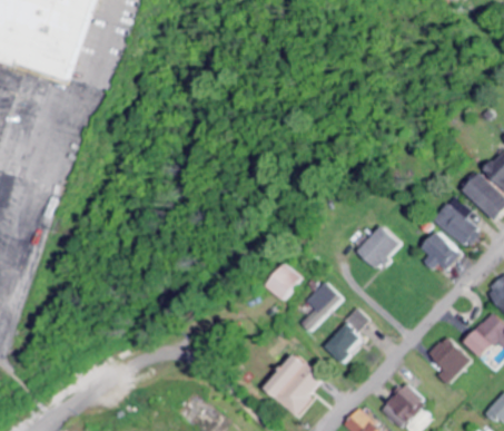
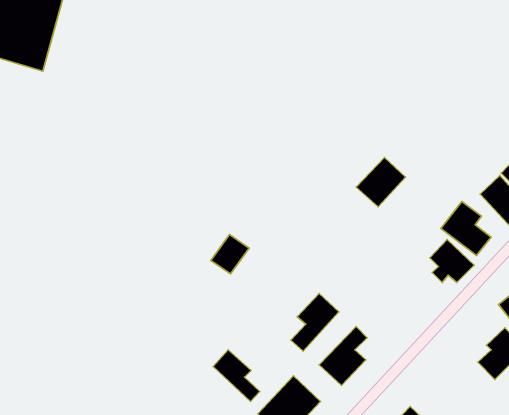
building: [358,226,403,271] -> [356,158,405,207]
building: [267,265,302,301] -> [211,235,249,274]
building: none -> [213,350,260,401]
building: [426,336,470,385] -> none

